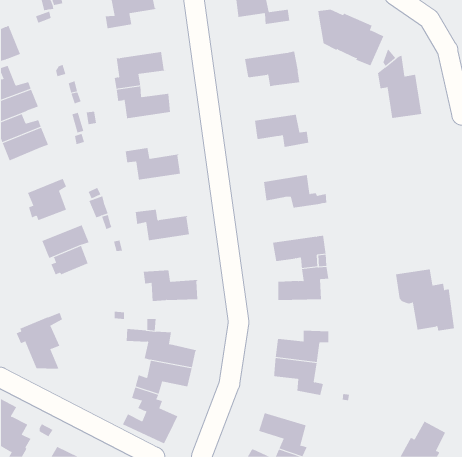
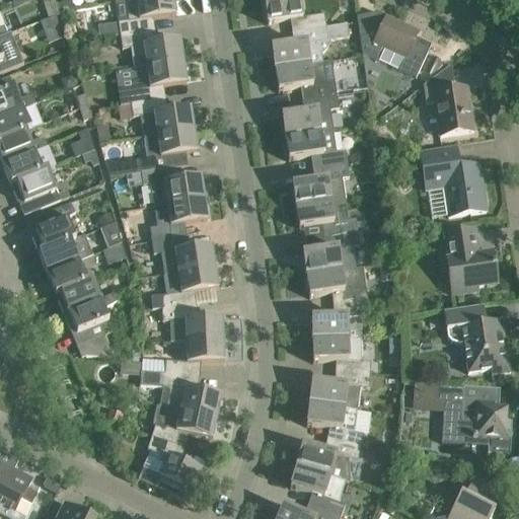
building: none -> [271,20,348,66]
building: none -> [120,27,181,65]
building: none -> [281,92,339,135]
building: none -> [132,126,197,169]
building: none -> [420,145,486,214]
building: none -> [291,160,349,204]
building: none -> [10,165,70,211]
building: none -> [149,195,207,237]
building: none -> [443,225,497,291]
building: none -> [302,228,363,272]
building: none -> [38,231,92,270]
building: none -> [150,263,217,305]
building: none -> [187,336,224,359]
building: none -> [311,336,370,371]
building: [16,312,63,369] -> [64,290,117,354]
building: none -> [416,380,511,451]
building: none -> [296,437,360,478]

